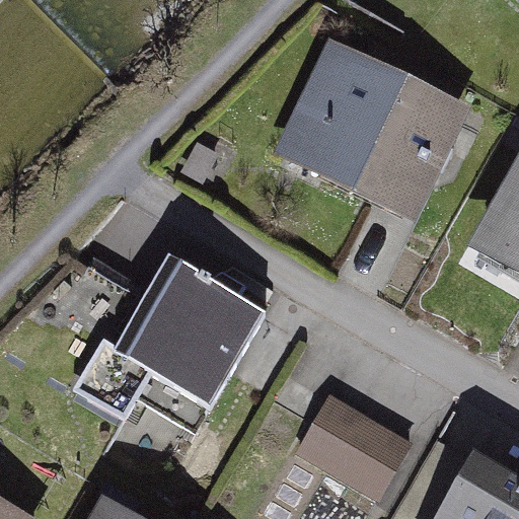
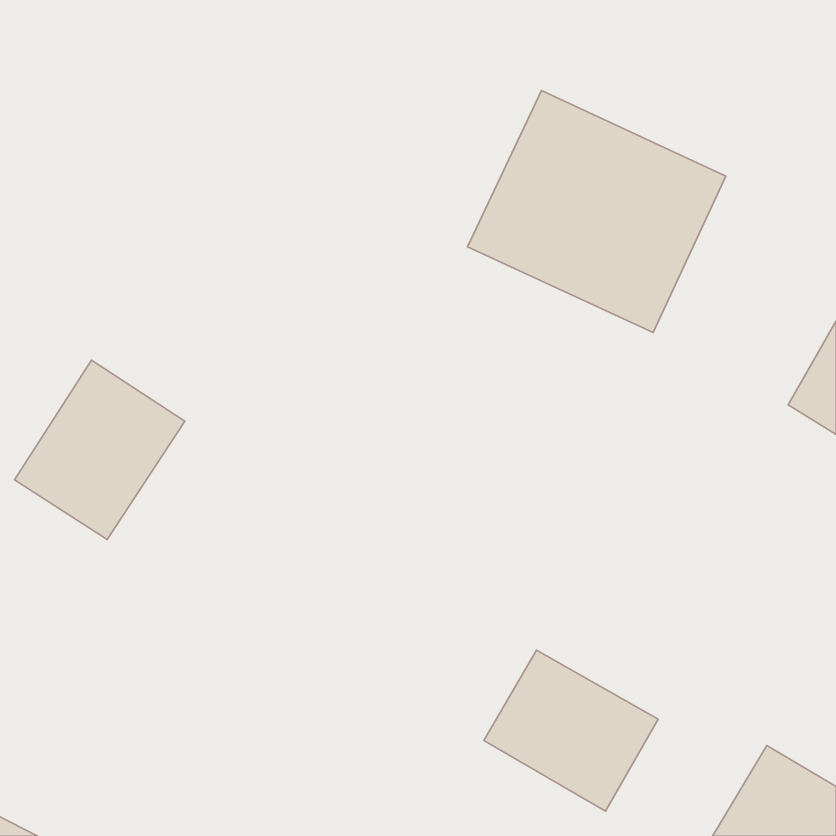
building: none -> [14,360,185,539]
building: [77,256,265,413] -> none

